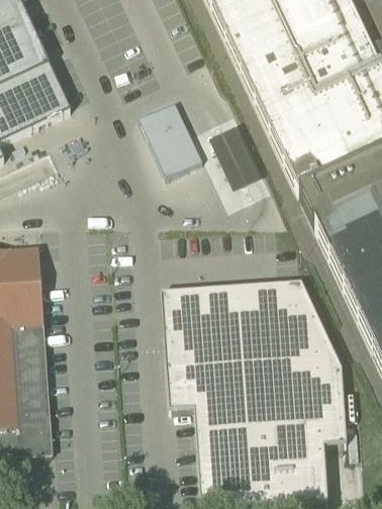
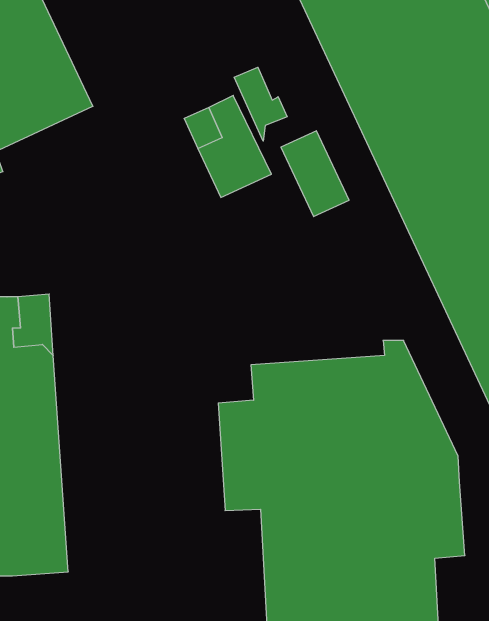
building: none -> [234,67,287,141]
building: [160,281,286,327] -> none

